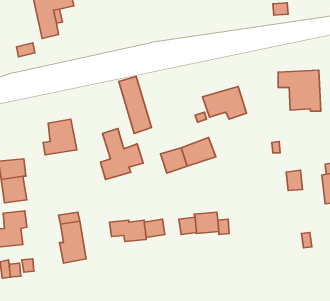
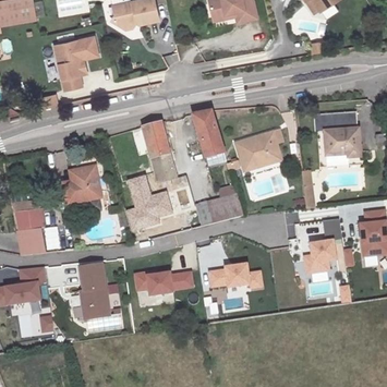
building: none -> [191,108,226,164]
building: none -> [305,242,338,274]

